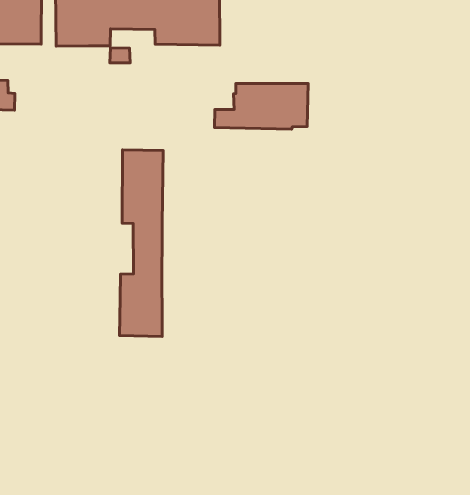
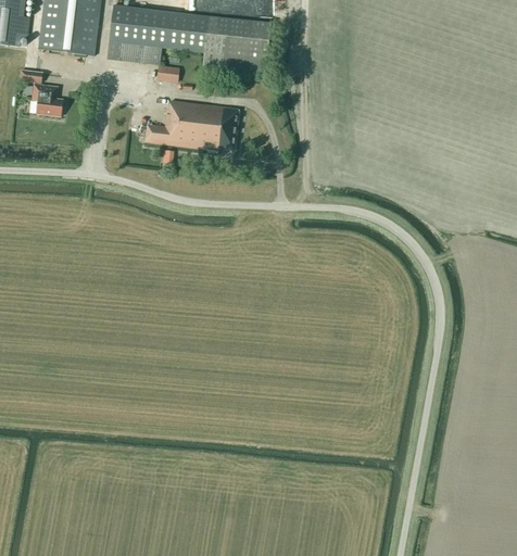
building: [215,83,308,129] -> [144,100,239,150]
building: [120,150,163,336] -> none

